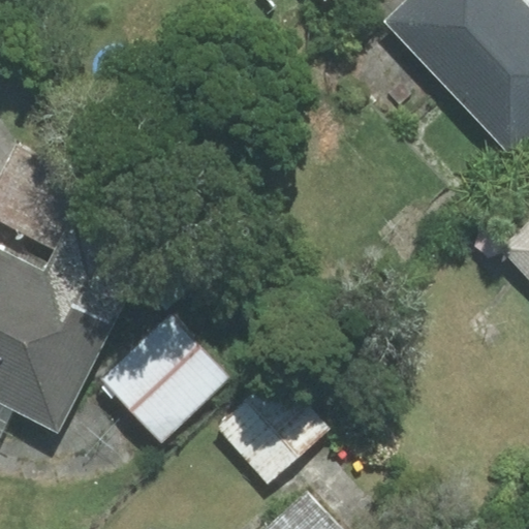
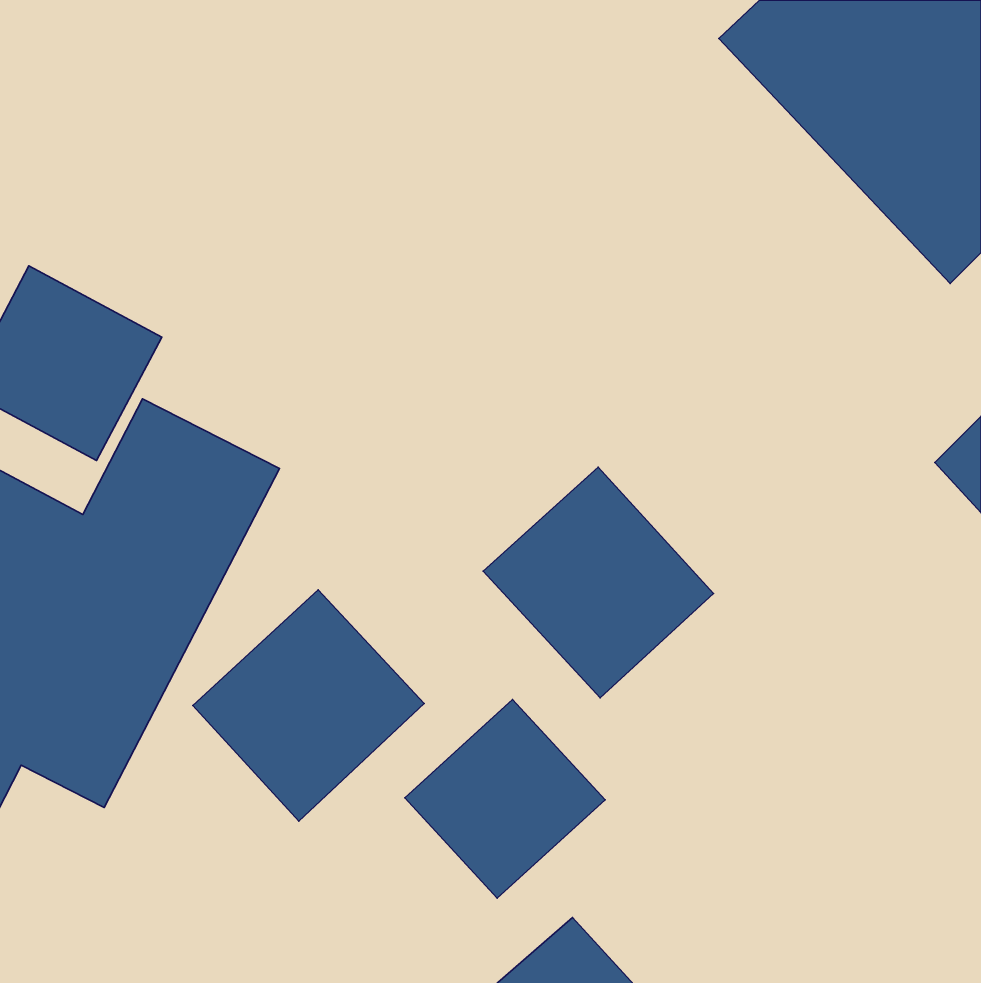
building: none -> [483,467,713,698]

